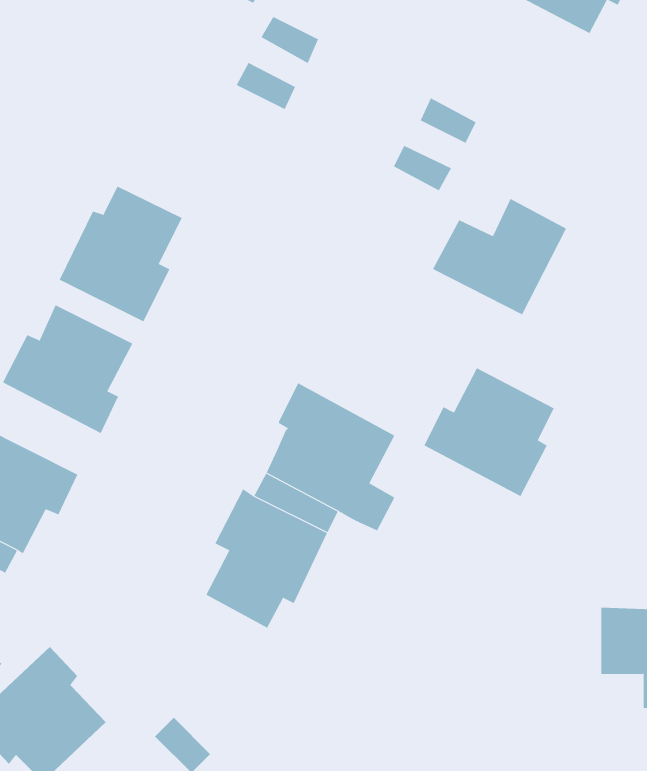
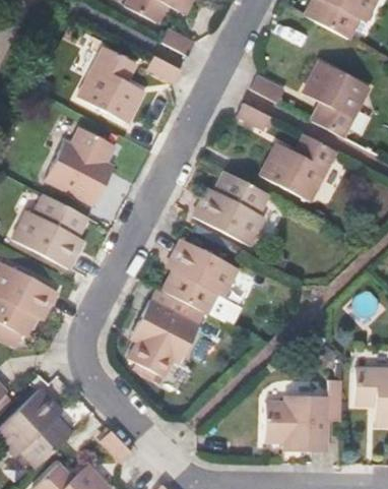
building: none -> [77,44,141,122]
building: none -> [305,59,370,135]
building: [424,368,555,497] -> [194,170,269,244]
building: none -> [263,396,327,452]

